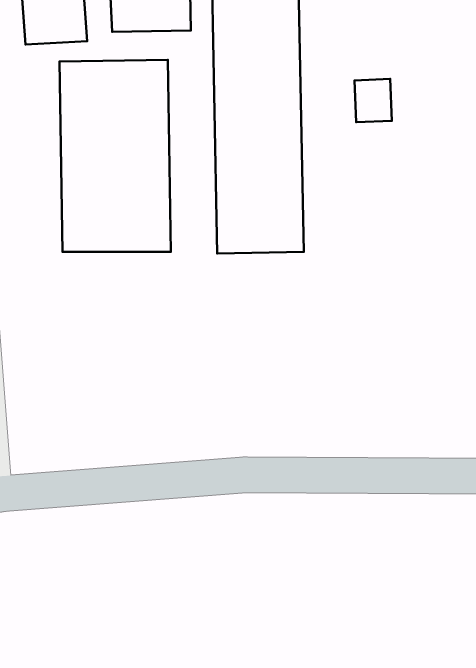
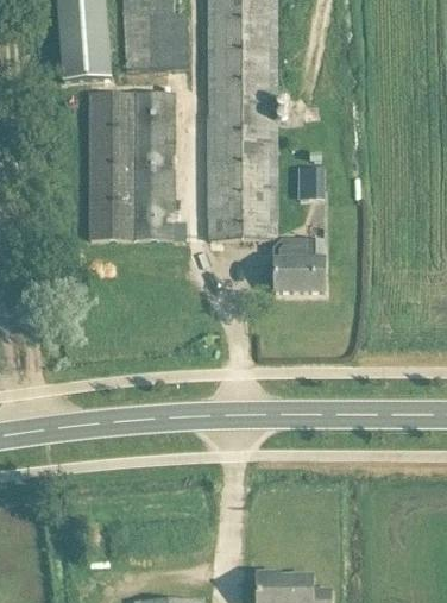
building: [355,79,392,122] -> [298,163,327,196]
building: none -> [273,239,323,290]

